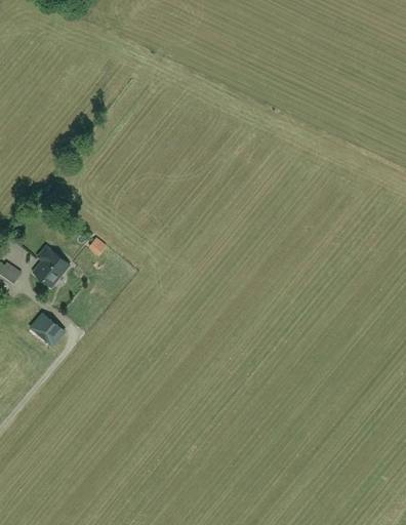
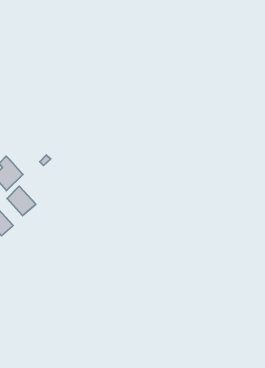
building: none -> [7,186,36,216]

